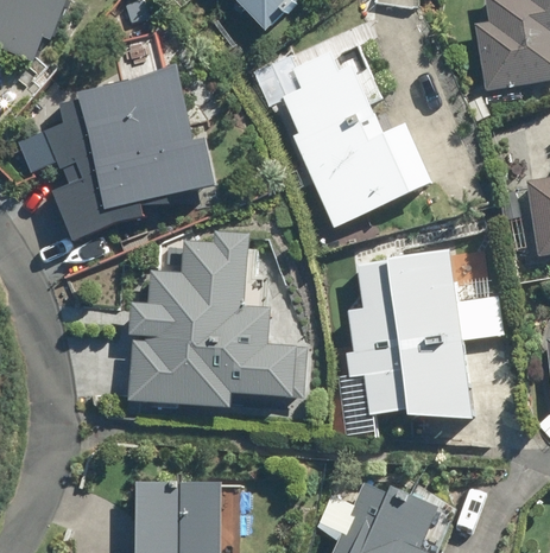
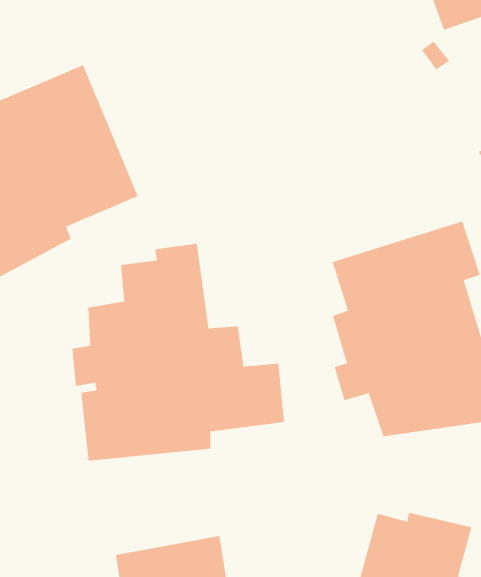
building: [282,52,436,225] -> none

